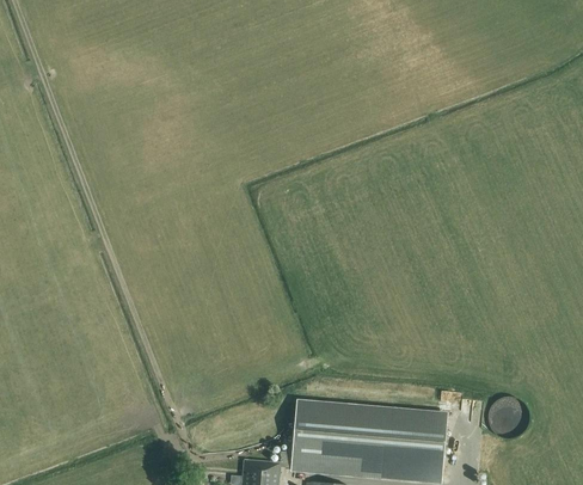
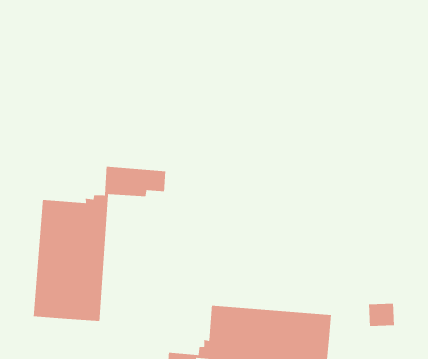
building: none -> [33,166,166,322]

